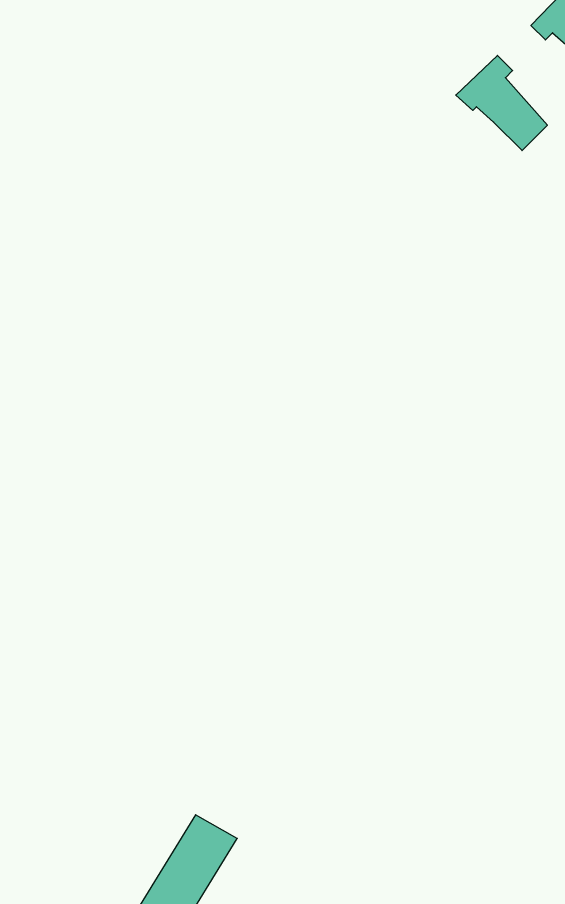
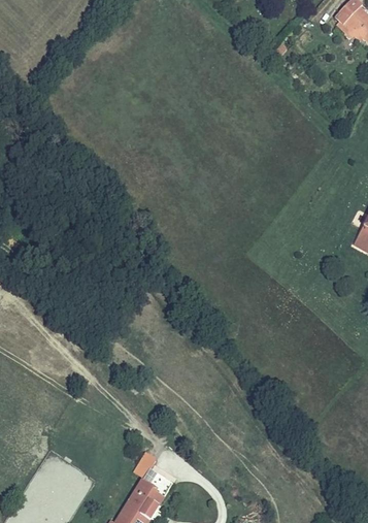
building: [456,55,547,151] -> none

